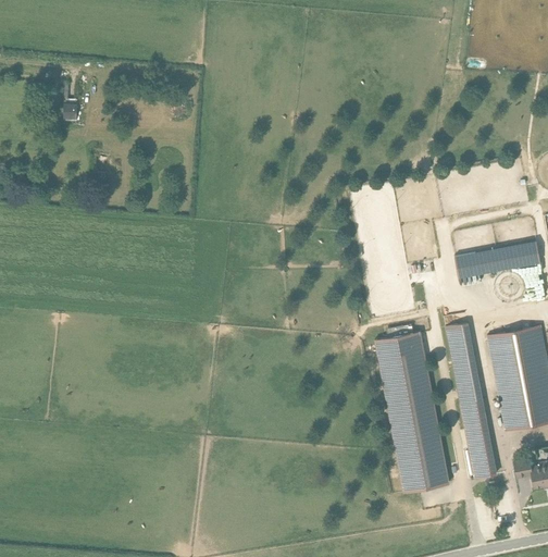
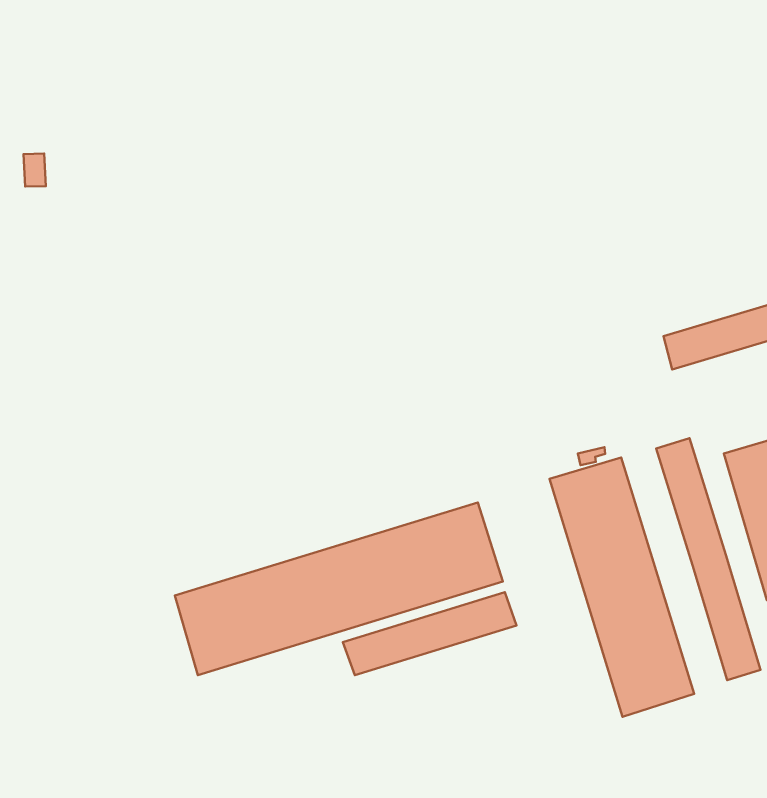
building: none -> [175,503,503,675]
building: none -> [343,592,517,675]

